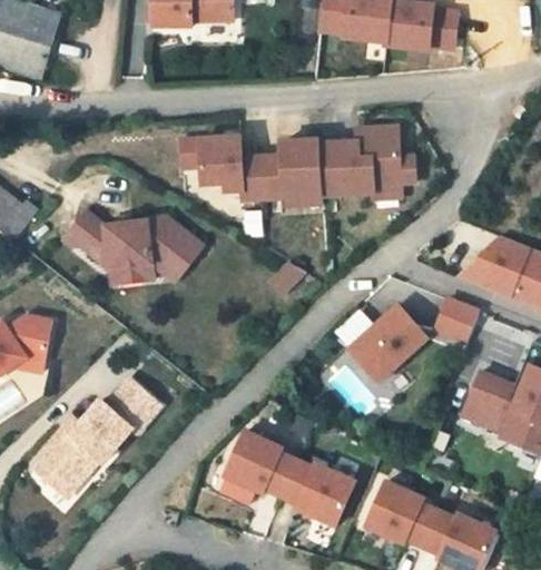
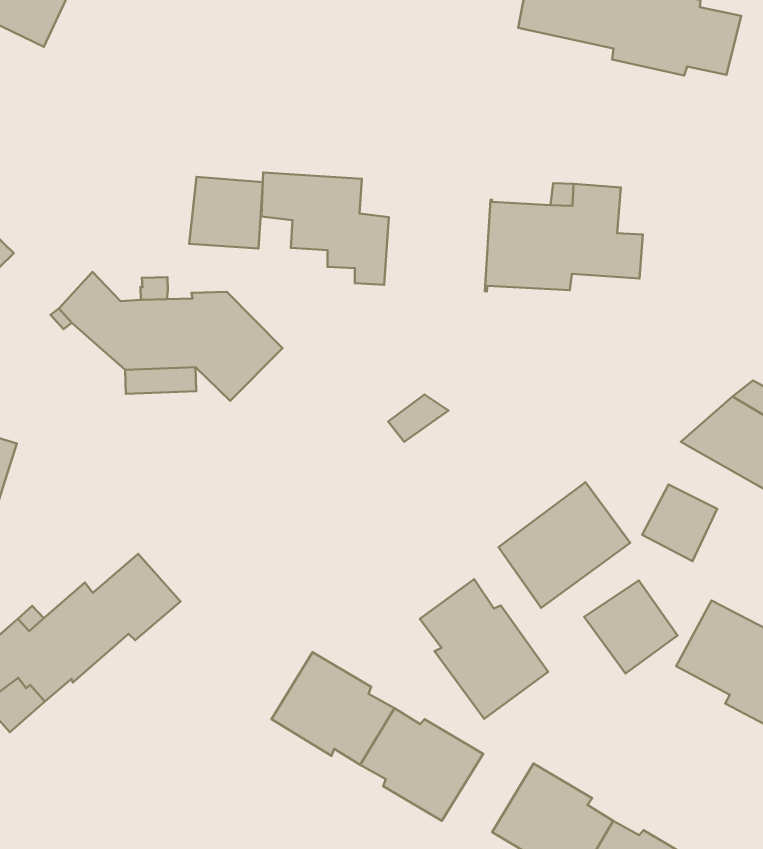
building: [258,141,322,200] -> none
building: none -> [189,177,263,248]
building: none -> [584,580,678,673]
building: none -> [420,579,548,719]

